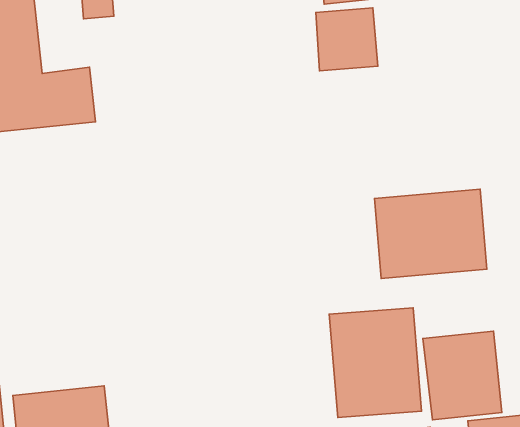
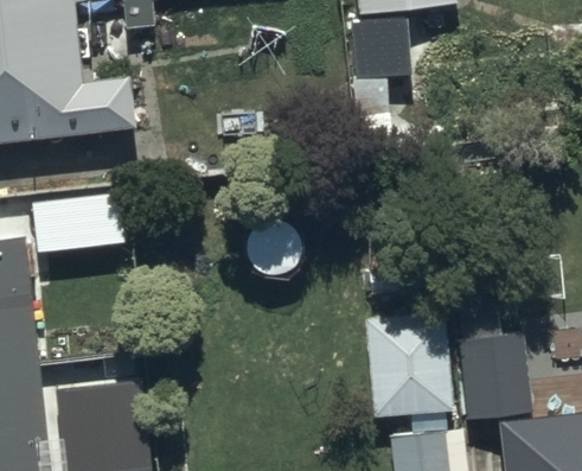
building: [375,189,487,278] -> none

